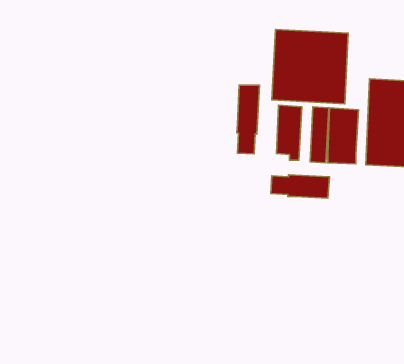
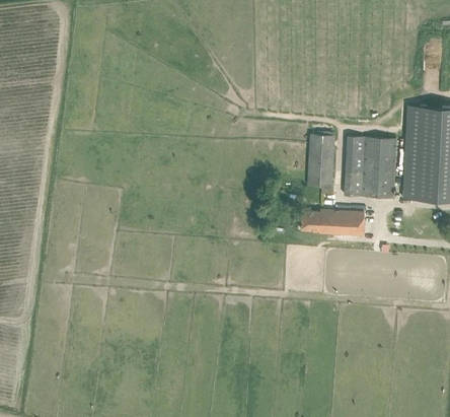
building: [272,29,348,104] -> none
building: [237,85,259,154] -> none

